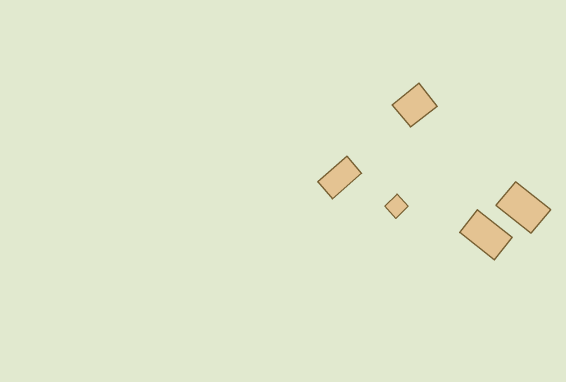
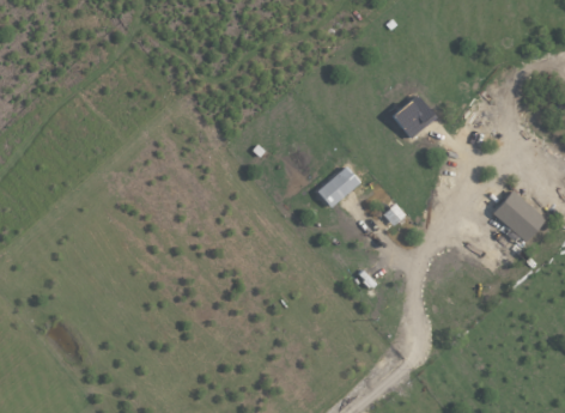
building: [460,210,512,260] -> none

